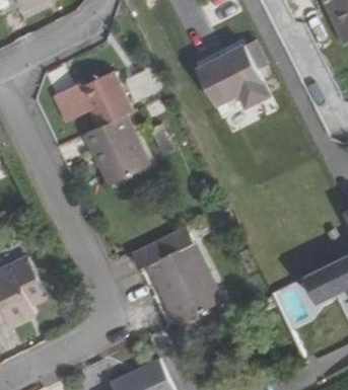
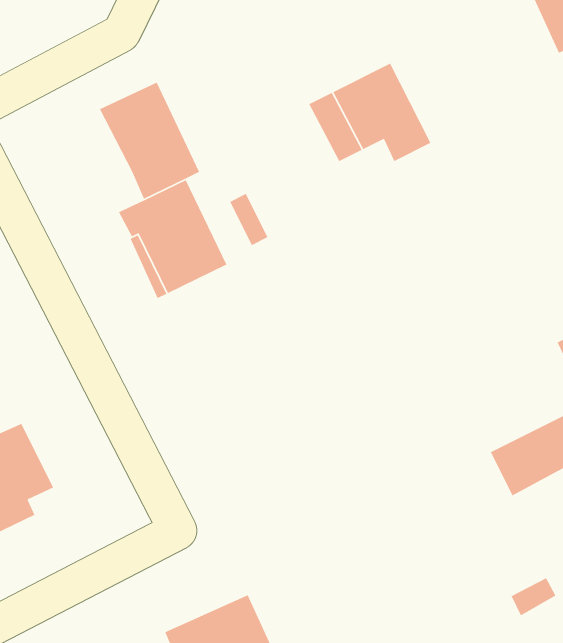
building: [47,71,91,124] -> none
building: [131,228,221,325] -> none

